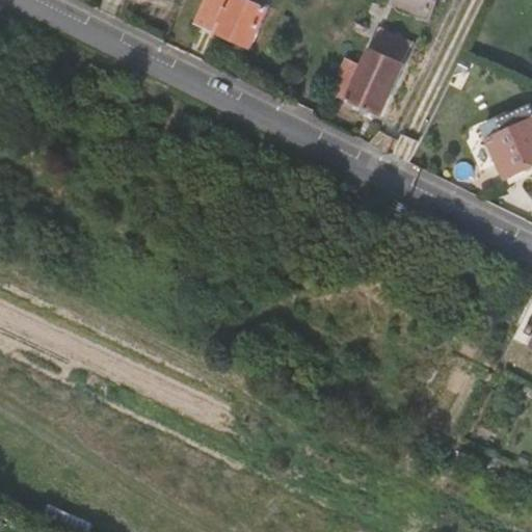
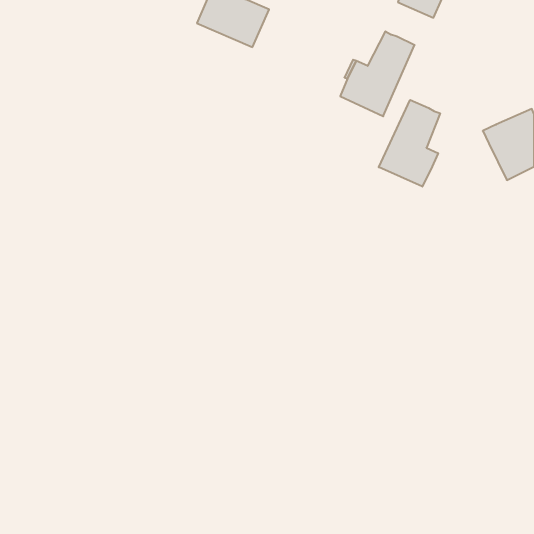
building: none -> [379,100,440,187]

